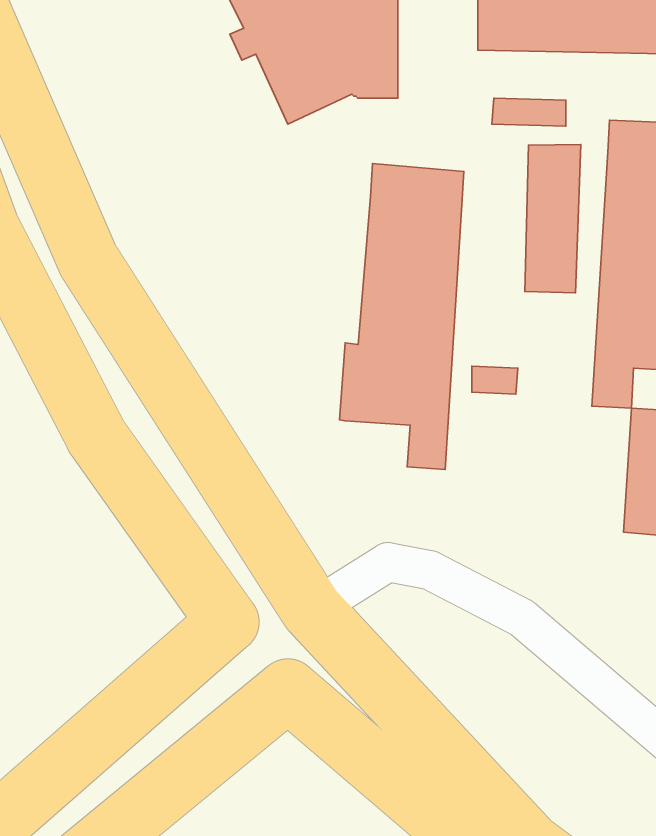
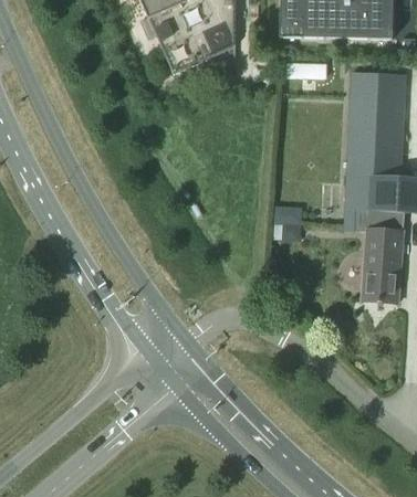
building: [525,144,581,293] -> none
building: [340,164,464,470] -> none

